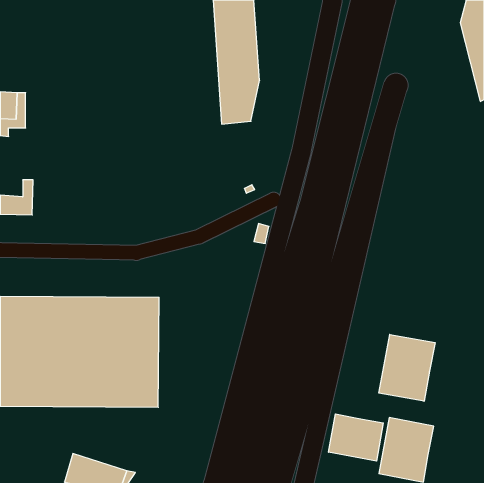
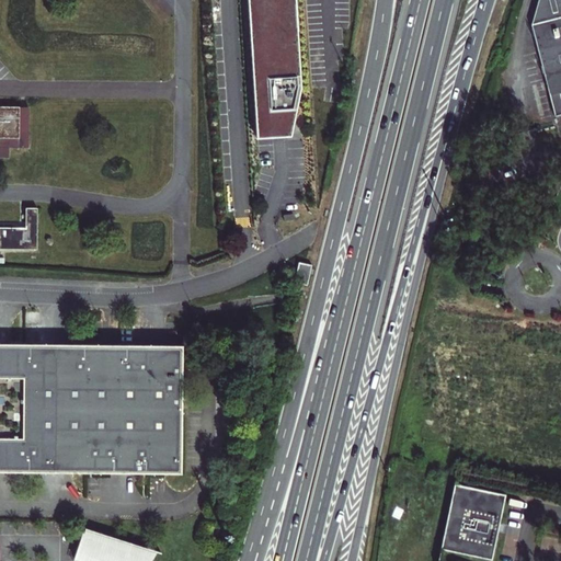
building: [379,334,435,401] -> none
building: [329,414,383,461] -> none

